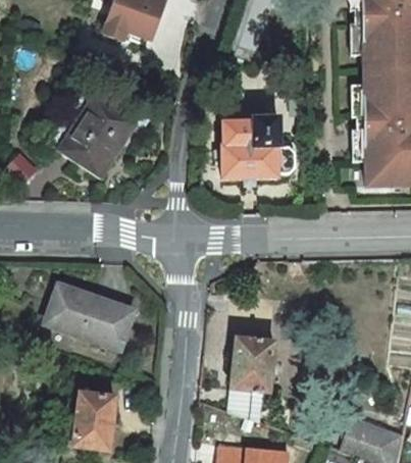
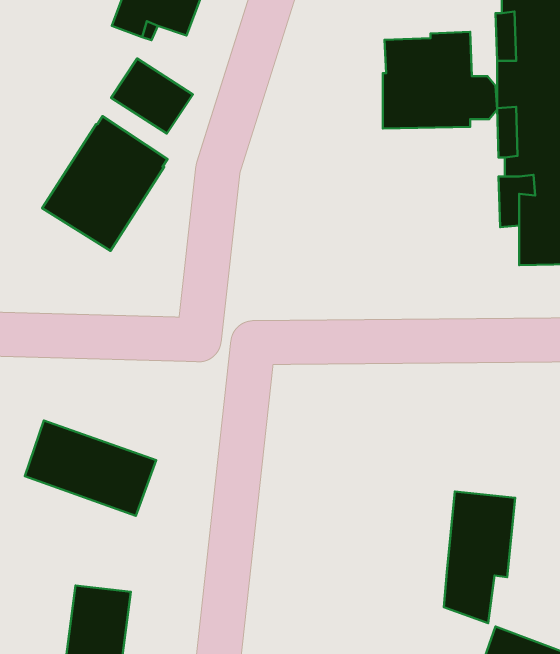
building: none -> [111,59,193,134]
building: [221,116,295,178] -> [383,32,497,129]
building: [228,337,274,421] -> [444,491,515,623]

